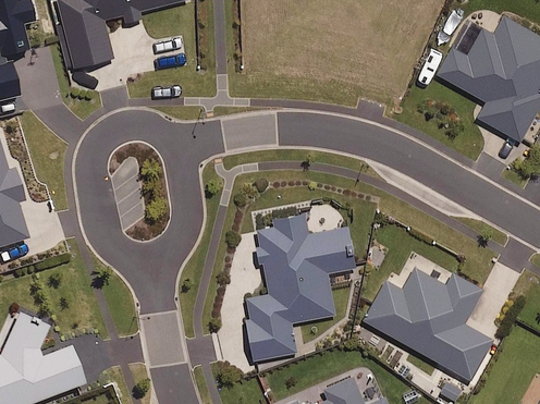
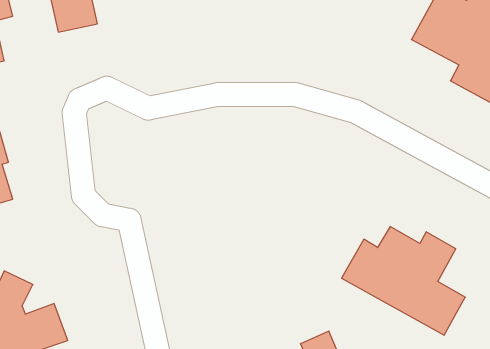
building: [243,213,355,359] -> none

